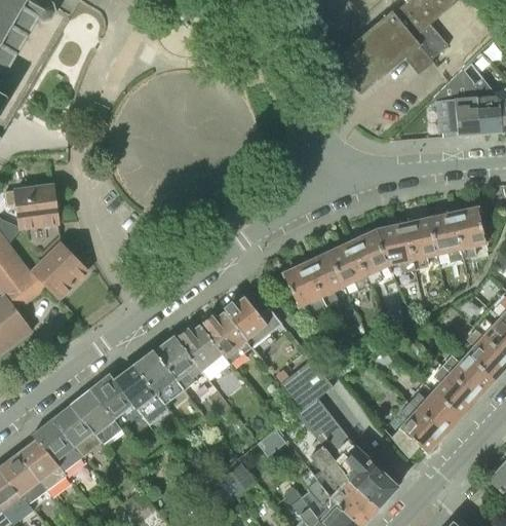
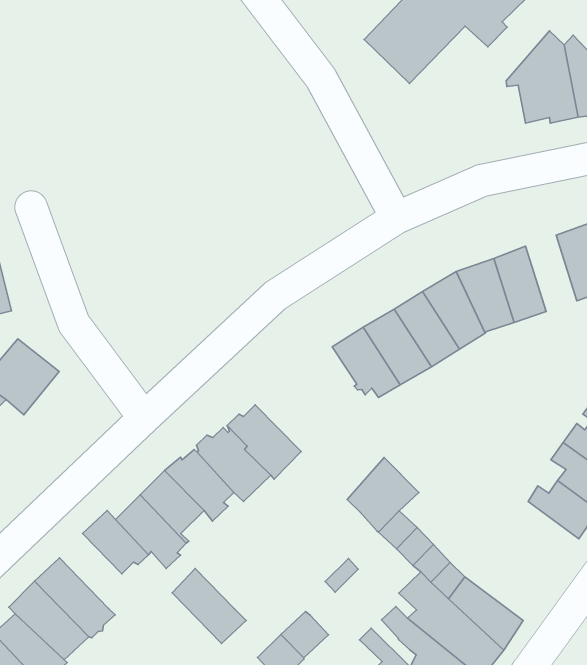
building: [429,214,461,267] -> none
building: [224,294,282,346] -> none
building: [72,386,122,442] -> [172,569,246,644]
building: [390,398,442,450] -> none

